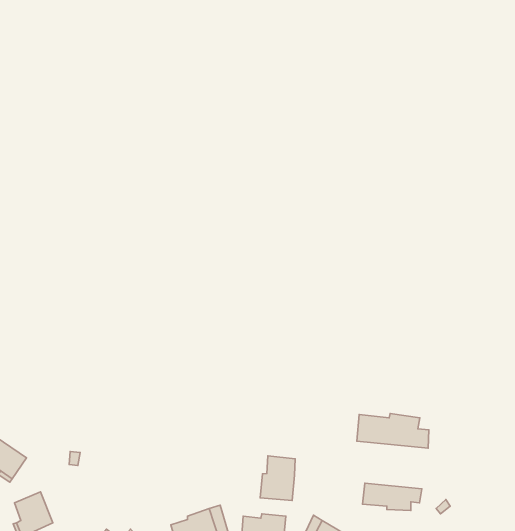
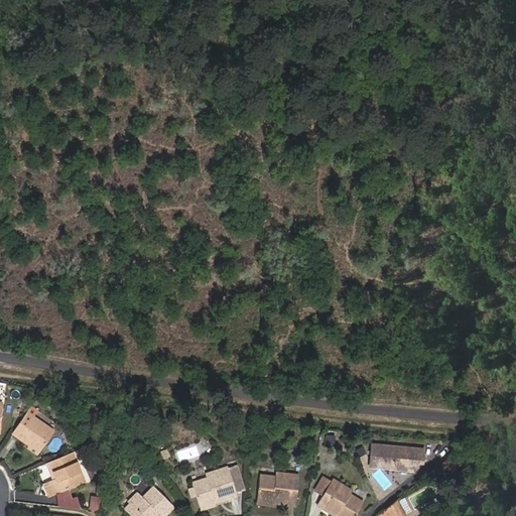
building: [357,414,429,448] -> none
building: [260,456,295,500] -> none

